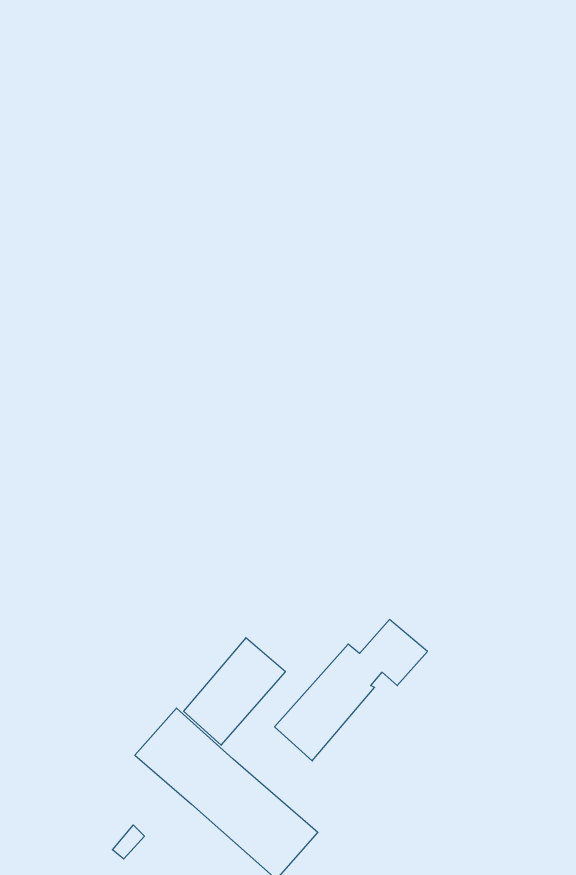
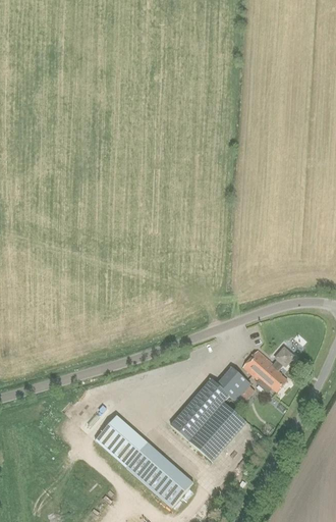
building: none -> [242,348,292,392]
building: [184,638,285,745] -> [190,403,245,461]

